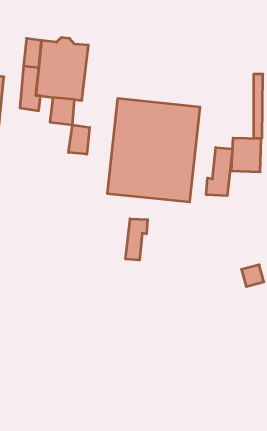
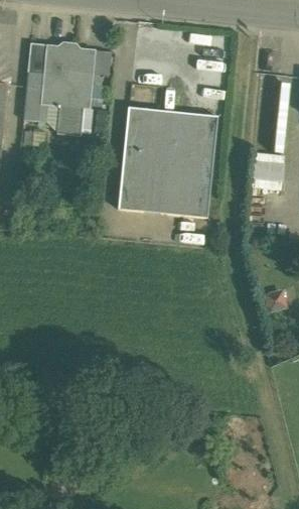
building: [69,125,90,154] -> none
building: [206,147,232,196] -> none
building: [126,219,148,260] -> none

